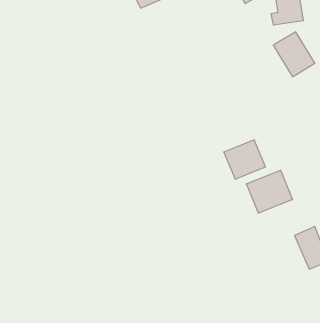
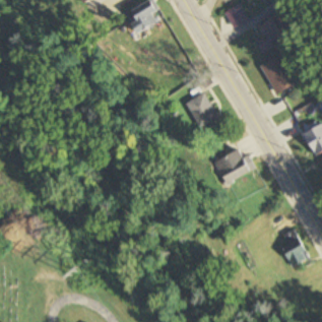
building: none -> [185,92,216,128]
building: [246,170,293,213] -> none

